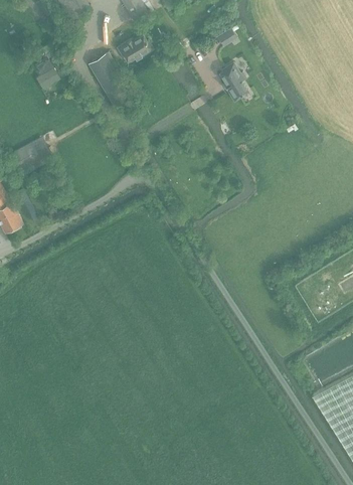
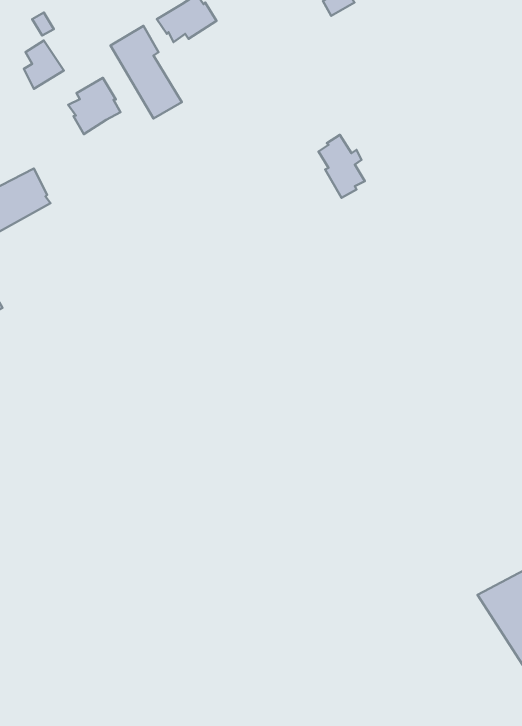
building: [220,62,248,101] -> [318,135,365,198]
building: none -> [68,78,120,134]

